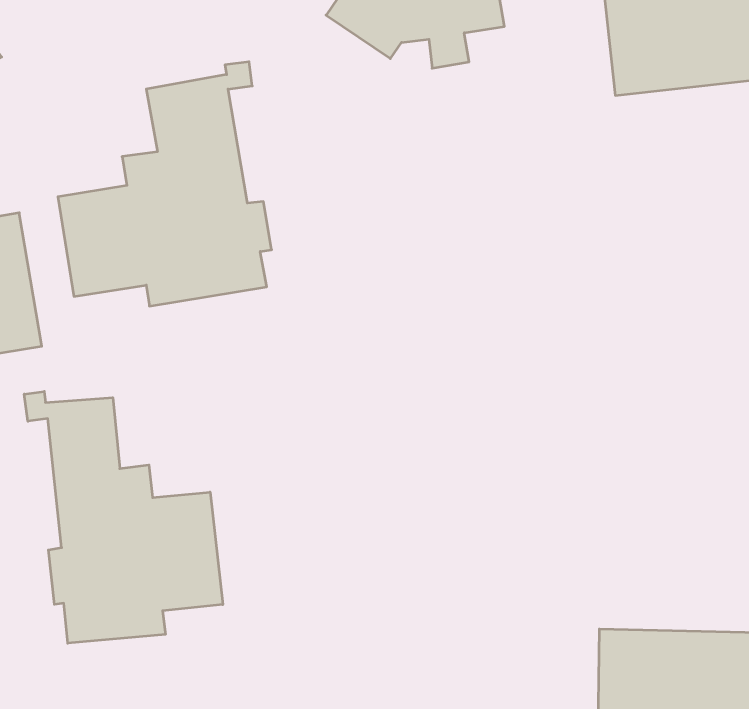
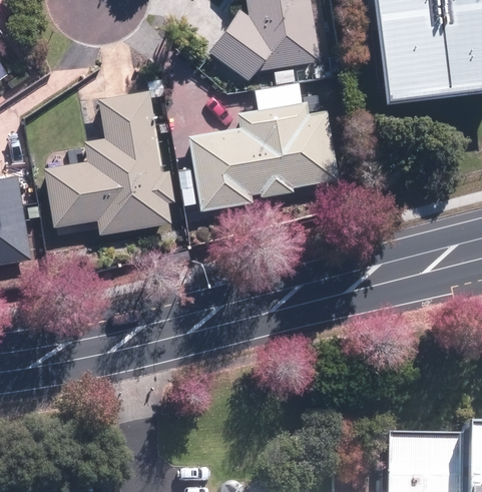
building: none -> [178,81,338,212]
building: [24,391,223,643] -> none

